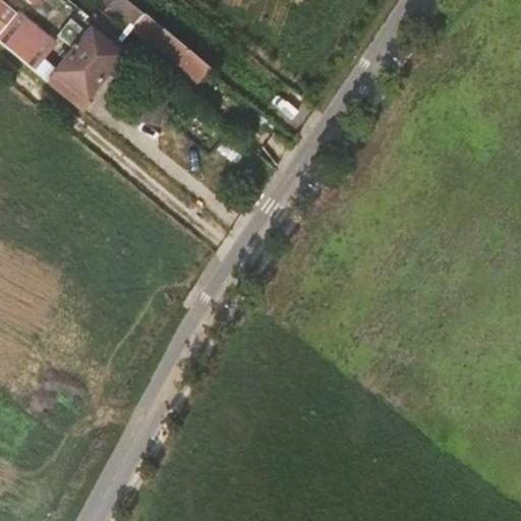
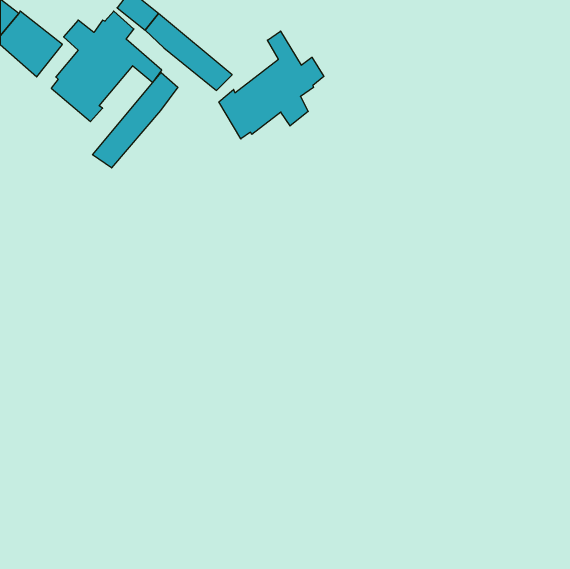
building: none -> [219,31,324,139]
building: none -> [93,73,178,168]

